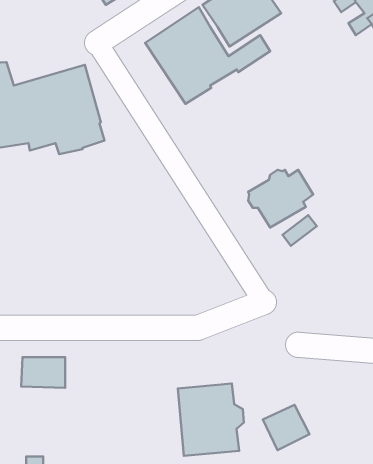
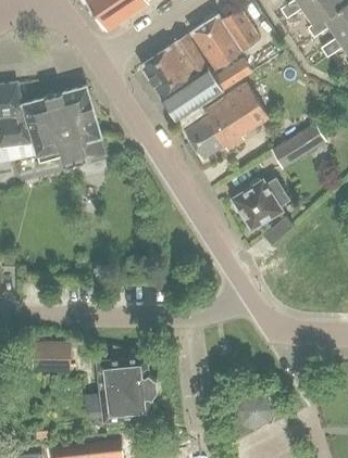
building: none -> [176,82,266,157]
building: none -> [273,124,333,169]
building: [178,383,244,456] -> [98,356,157,420]

